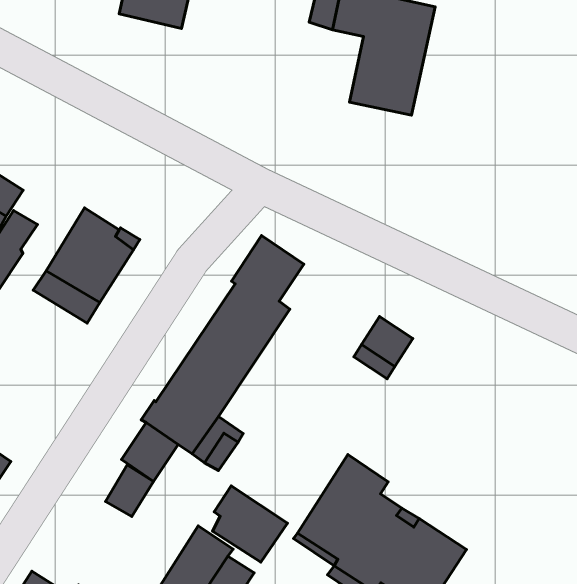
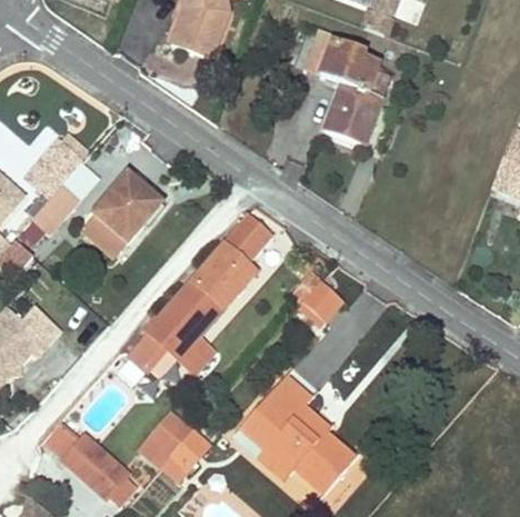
building: [212,486,288,562] -> none

